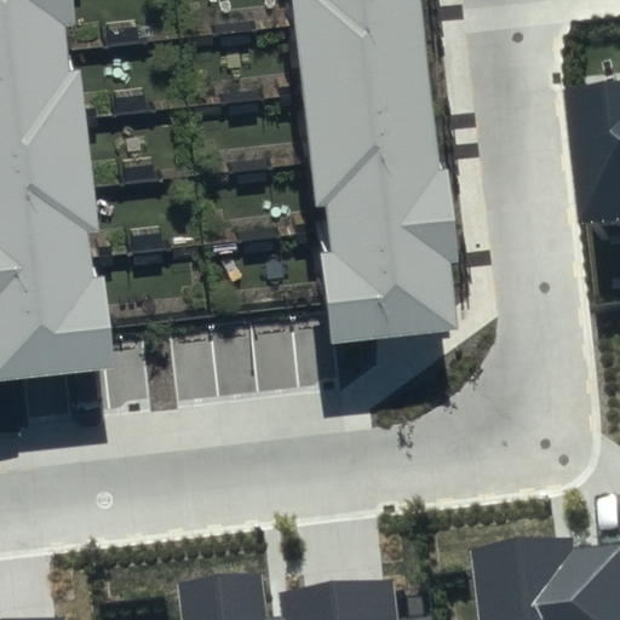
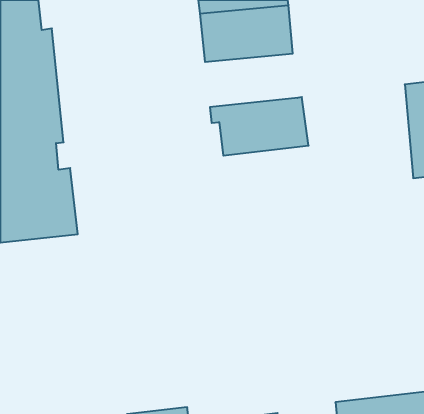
building: [302,97,436,174] -> none
building: [317,230,454,334] -> none

